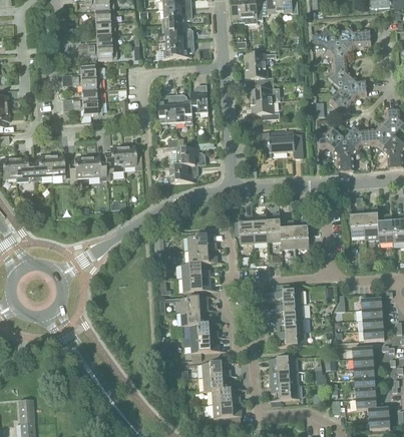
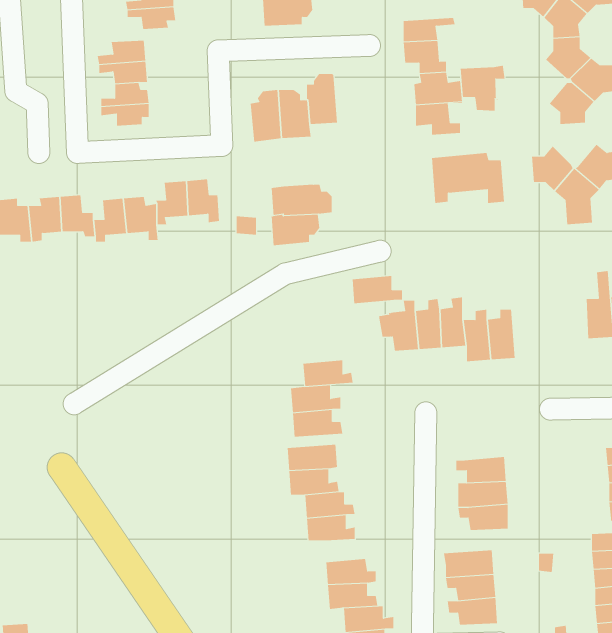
building: none -> [460,65,505,112]
building: [187,235,217,251] -> [352,276,403,304]
building: [275,290,304,306] -> none

